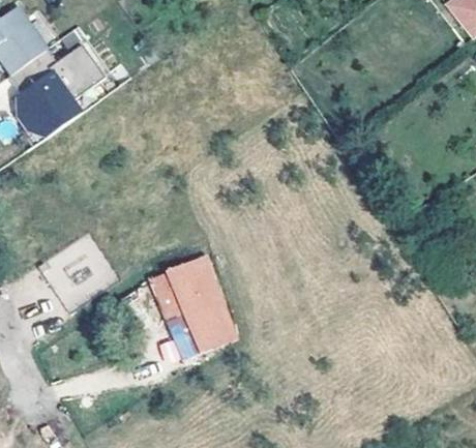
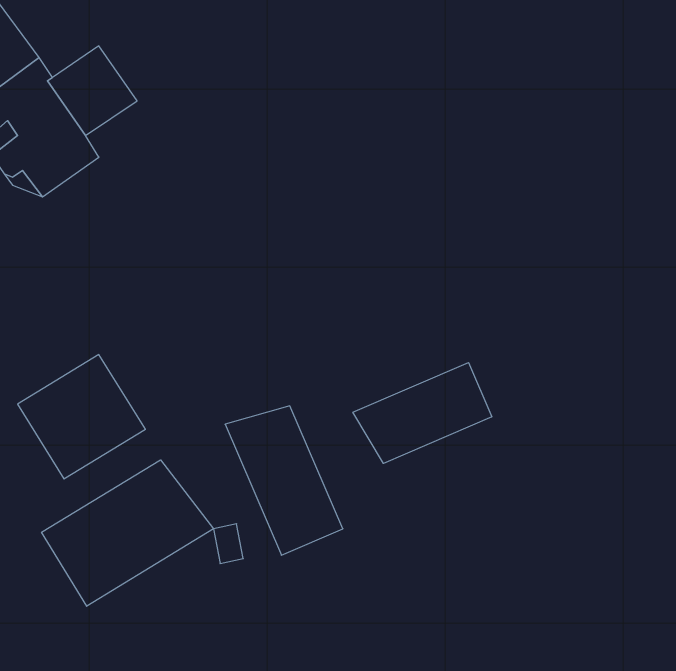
building: none -> [353,363,492,463]
building: none -> [42,460,213,606]

